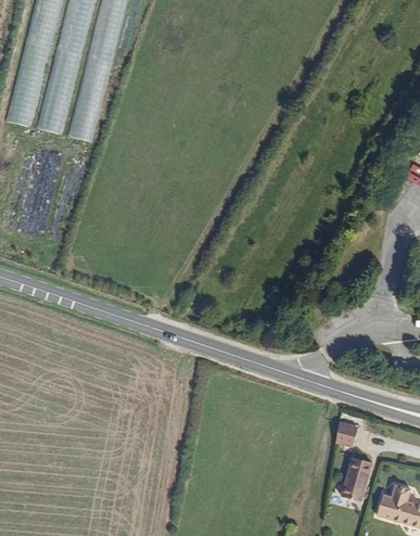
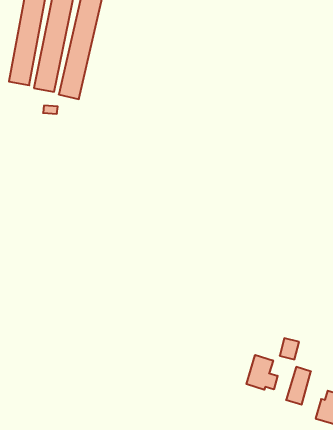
building: none -> [246,355,278,390]

